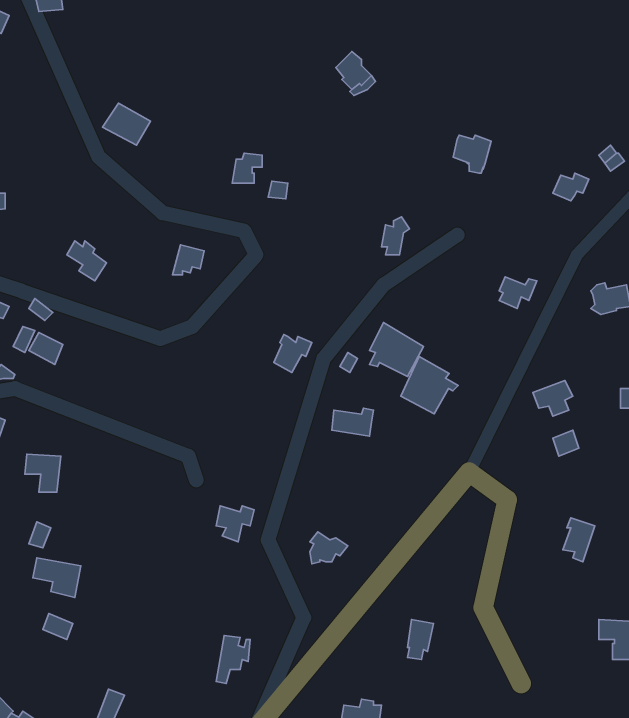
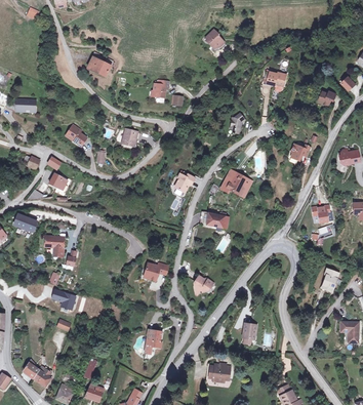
building: [401,357,458,414] -> none

